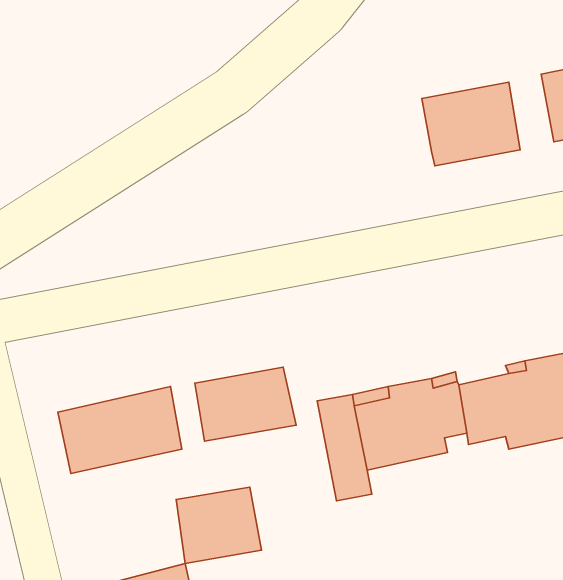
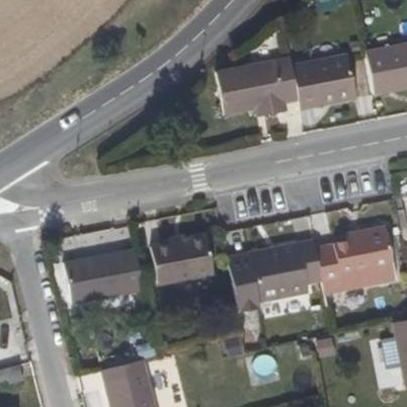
building: none -> [218,58,300,116]
building: [176,487,261,564] -> none

